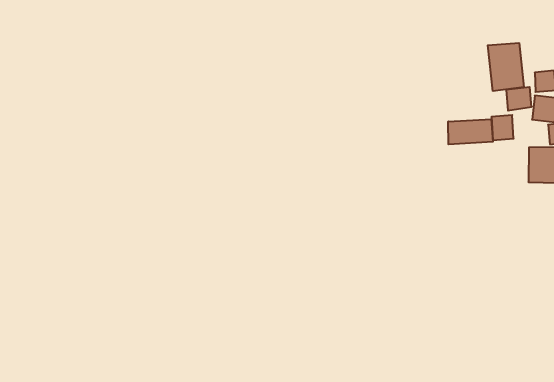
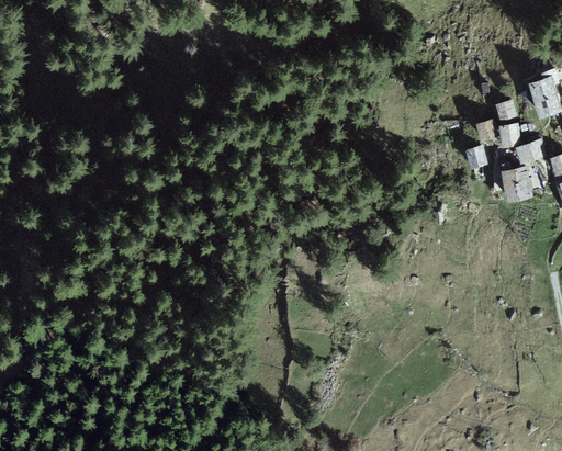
building: [488,43,524,91] -> none
building: [448,119,493,144] -> none

